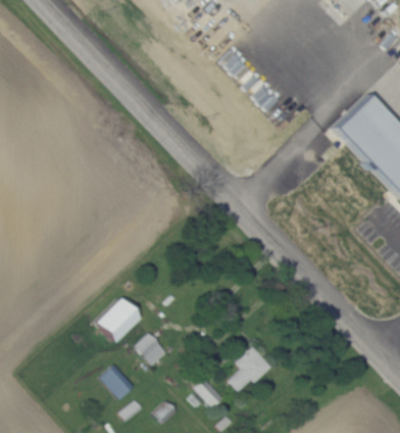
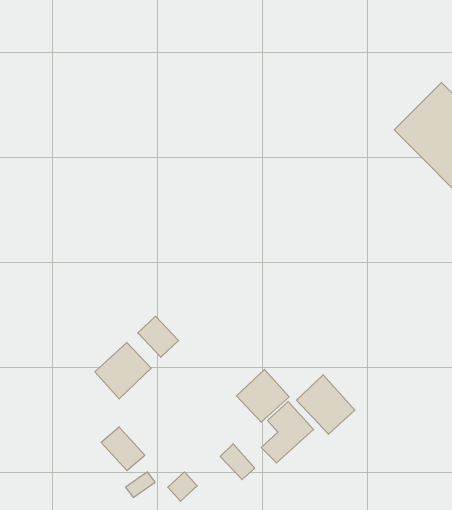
building: none -> [236,369,289,422]
building: none -> [297,375,355,434]
building: [136,334,168,367] -> [138,316,179,357]

